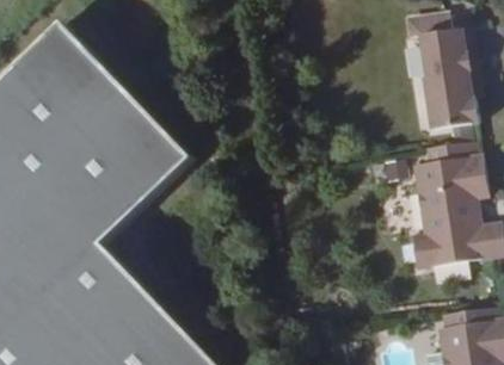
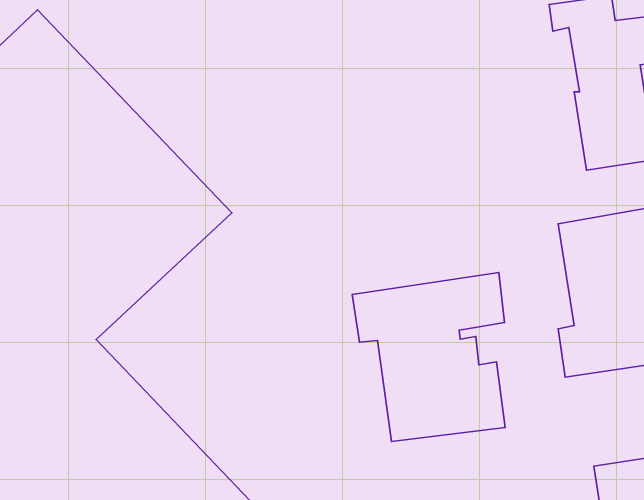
building: none -> [352,273,505,442]

